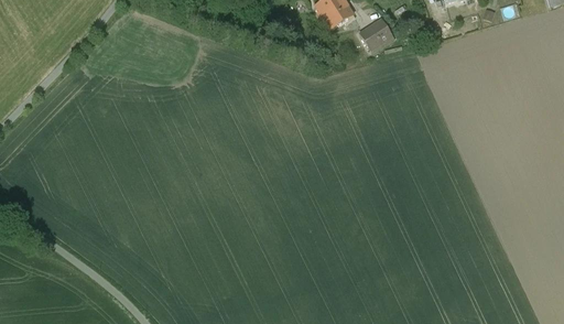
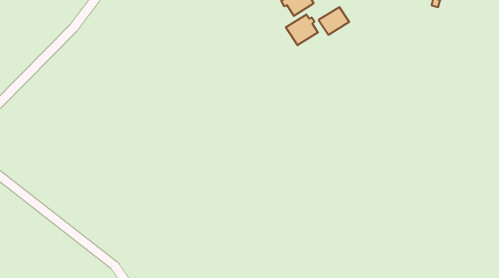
building: none -> [286,14,318,45]

